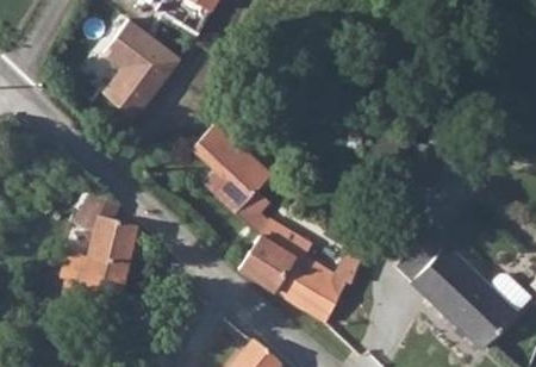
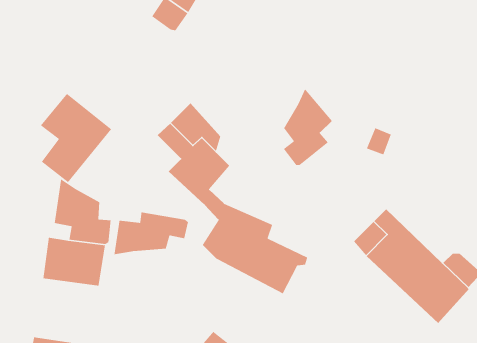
building: [94,18,170,113] -> [40,93,112,183]
building: none -> [283,88,333,166]
building: none -> [113,212,189,255]

